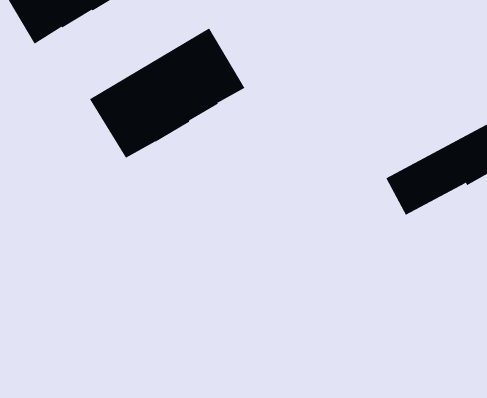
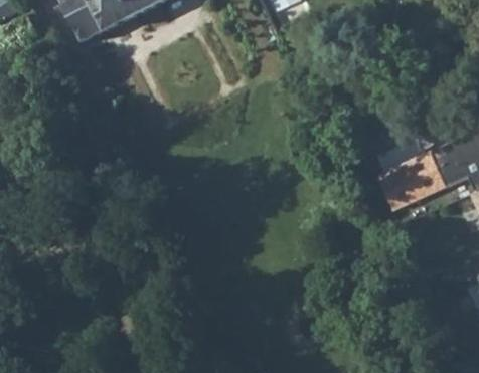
building: [89,27,245,158] -> none

